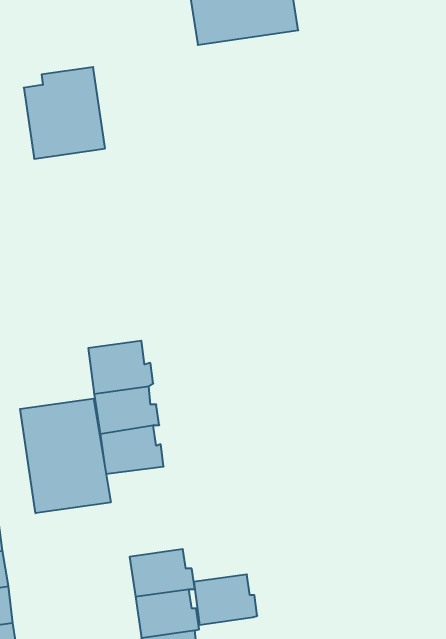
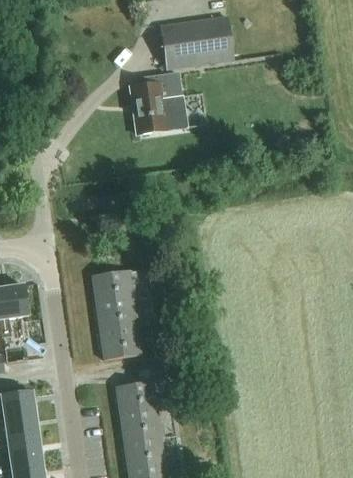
building: [24,67,105,159] -> [132,74,187,136]
building: [20,399,111,513] -> none
building: [194,574,257,625] -> [116,382,159,416]

